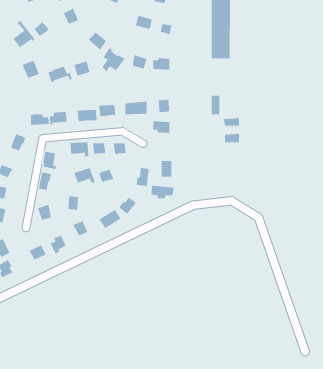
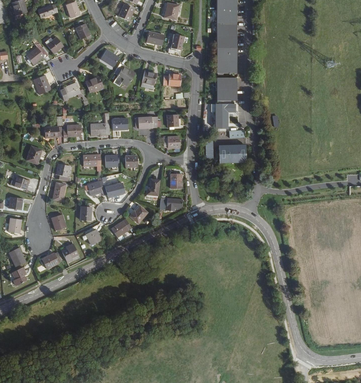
building: none -> [217,78,237,101]

